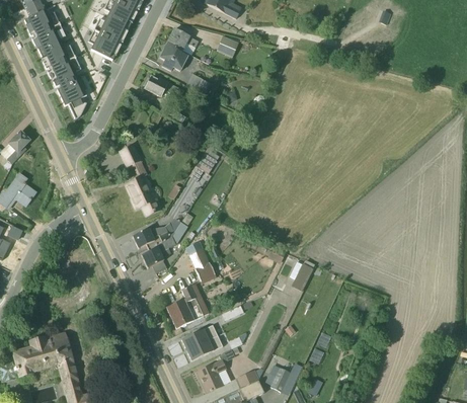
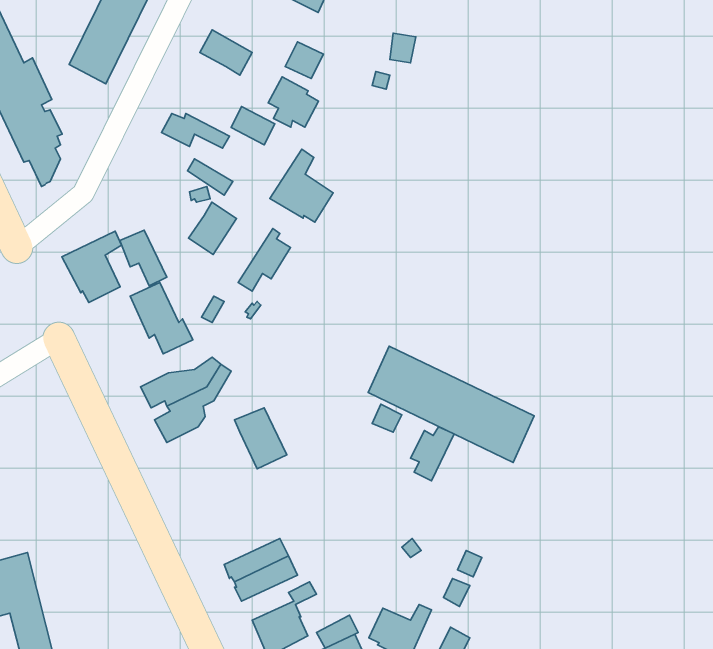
building: [158,42,187,71] -> [268,77,319,127]
building: none -> [270,149,333,222]
building: none -> [189,202,236,254]
building: none -> [62,231,122,303]
building: none -> [368,346,534,462]
building: [166,283,209,328] -> none

